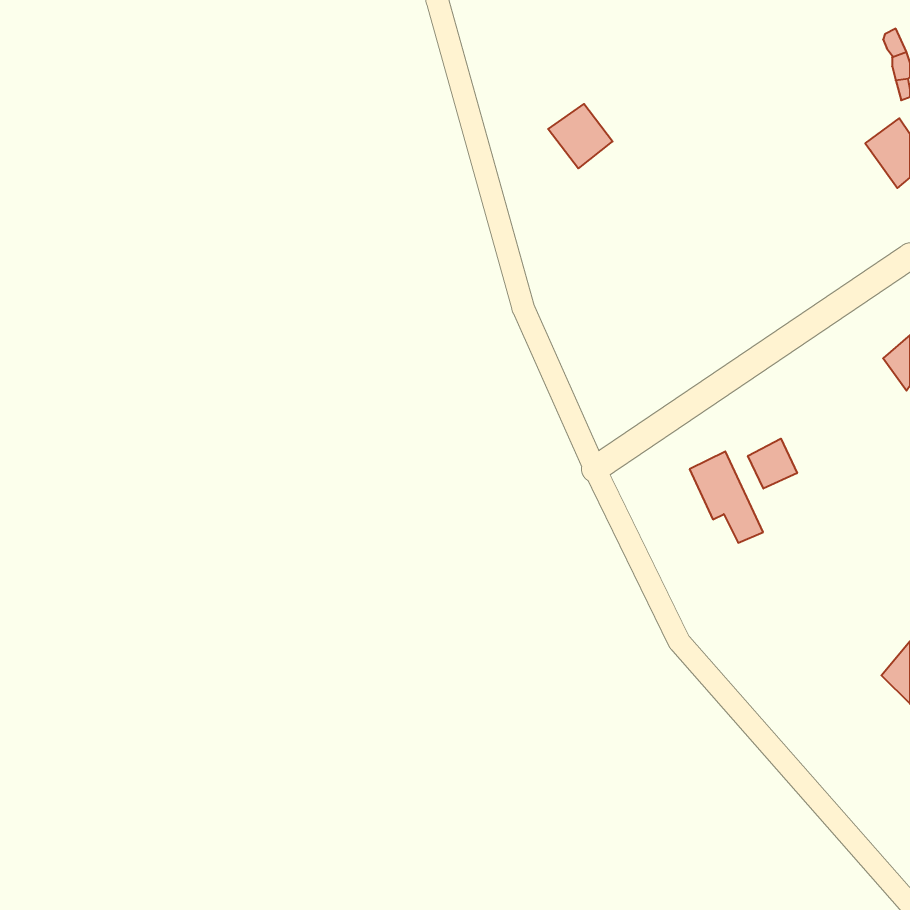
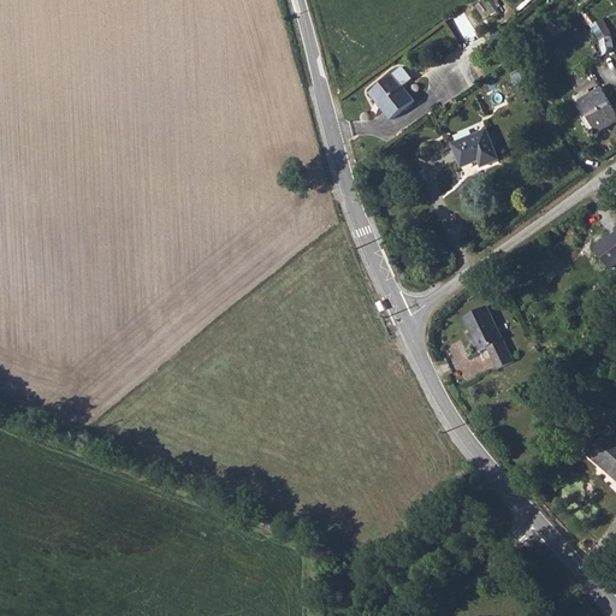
building: none -> [446,128,496,168]
building: [748,439,797,489] -> none

